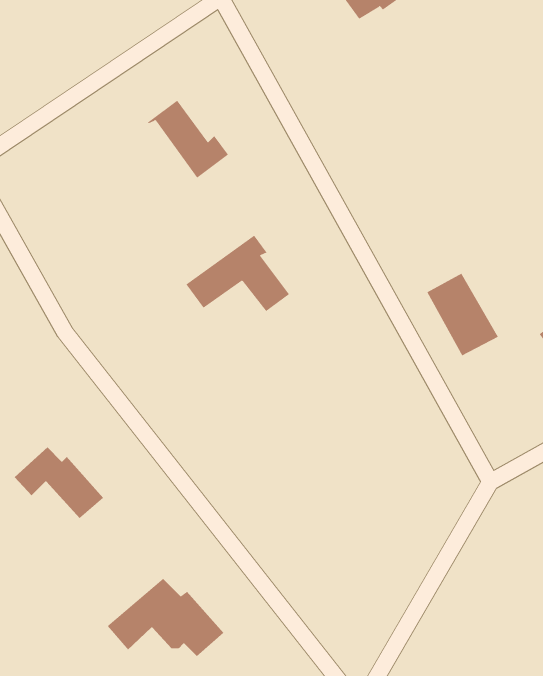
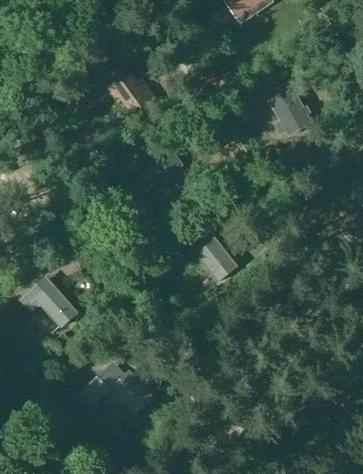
building: [427,273,499,356] -> [267,83,312,135]
building: none -> [197,238,237,278]

